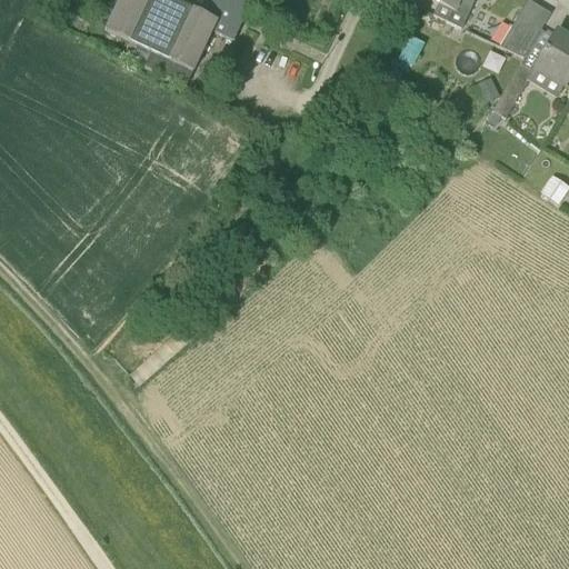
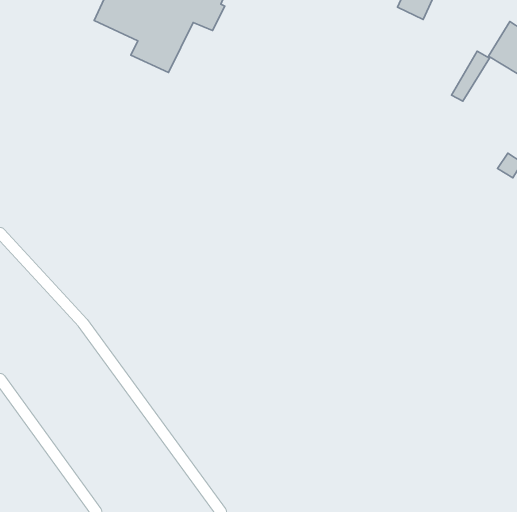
building: [503,9,545,50] -> none

